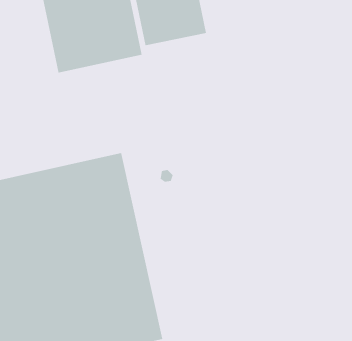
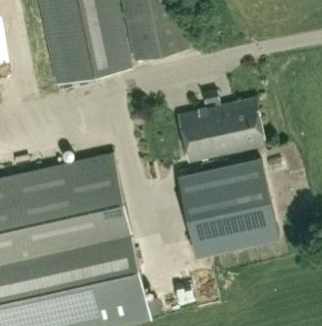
building: none -> [177,91,264,164]
building: none -> [179,158,282,260]

